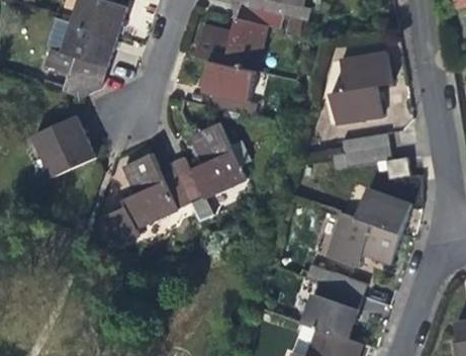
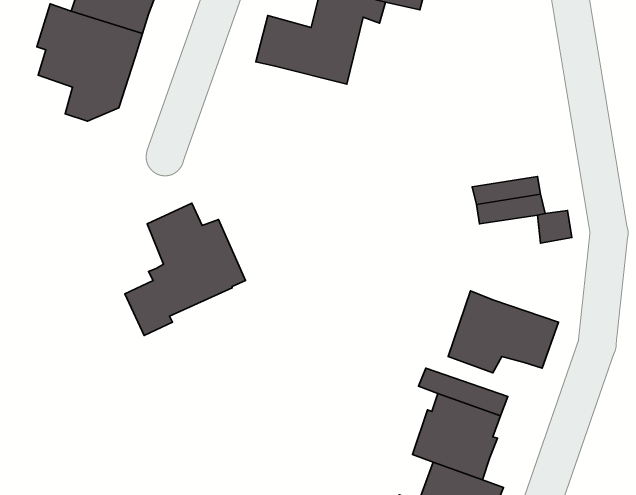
building: [330,52,391,126] -> none
building: [199,59,256,103] -> none
building: [31,114,95,177] -> none
building: [169,121,244,204] -> none
building: [355,187,409,233] -> none

